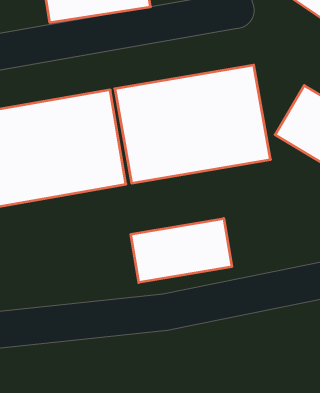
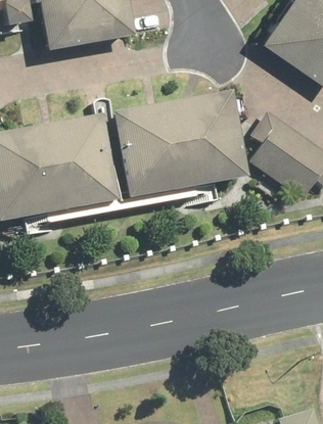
building: [131,218,232,283] -> none

